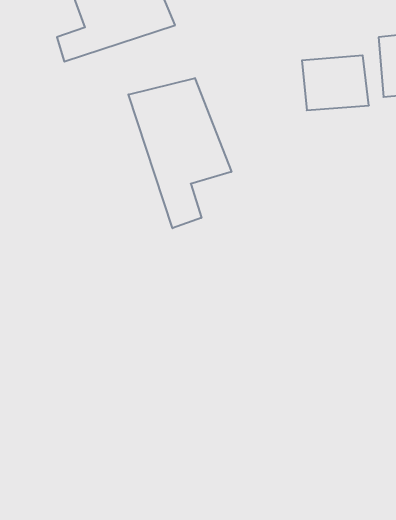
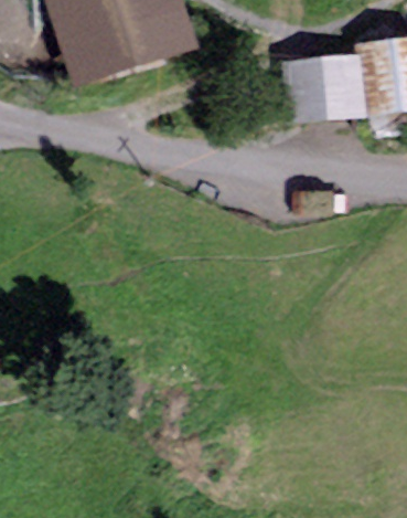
building: [128,78,231,228] -> none

